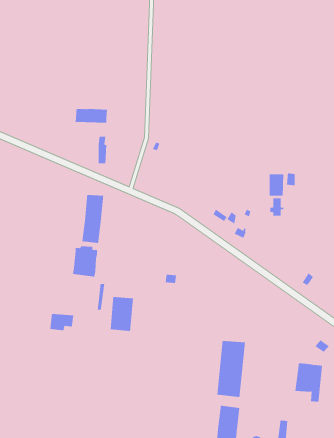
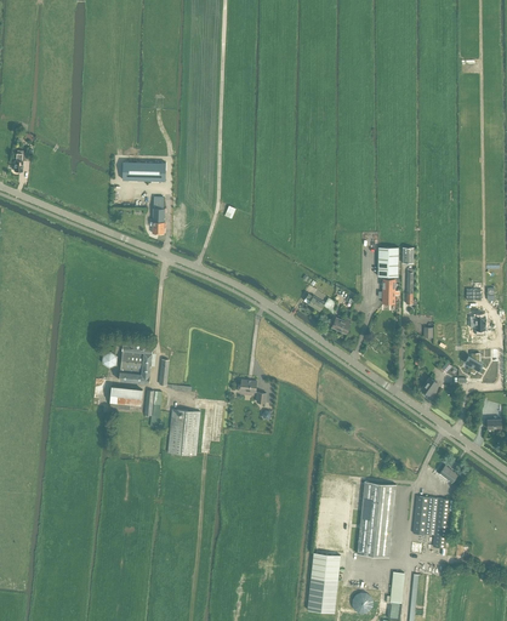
building: [82,194,104,244] -> none
building: [49,313,74,331] -> [109,387,142,410]
building: [216,340,246,397] -> [357,482,395,557]

